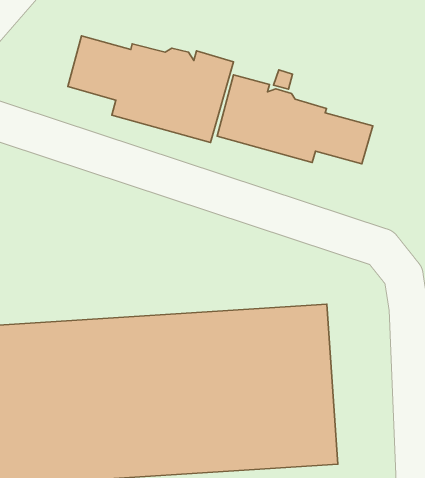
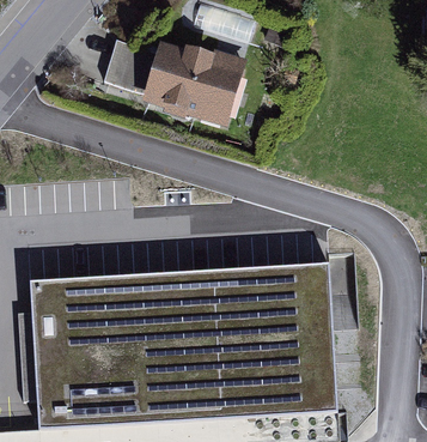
building: [217,75,373,164] -> none

